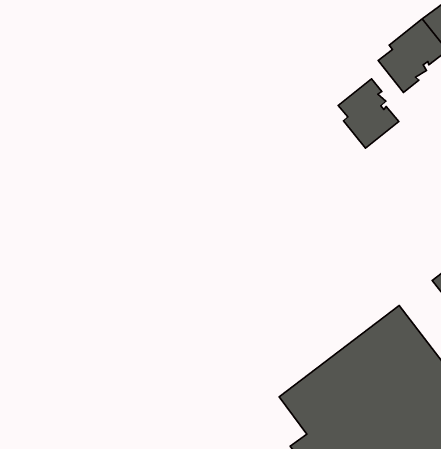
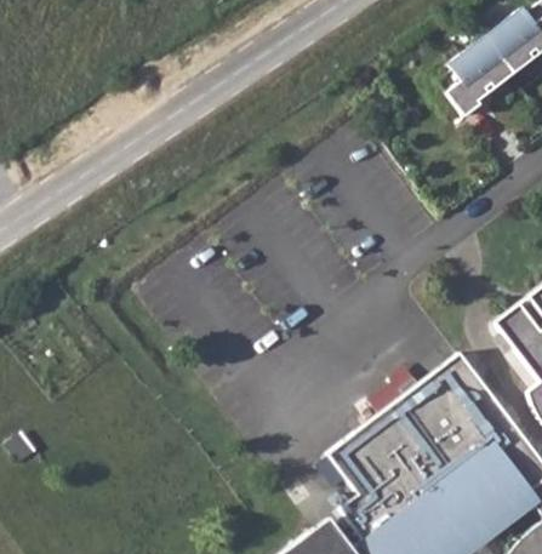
building: [338,79,399,148] -> none

